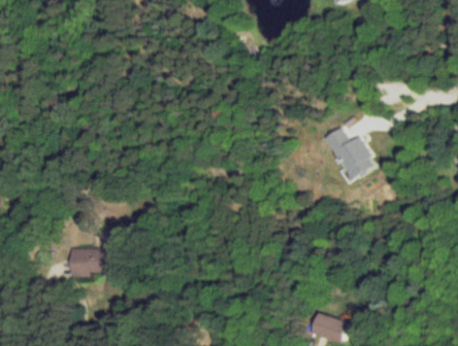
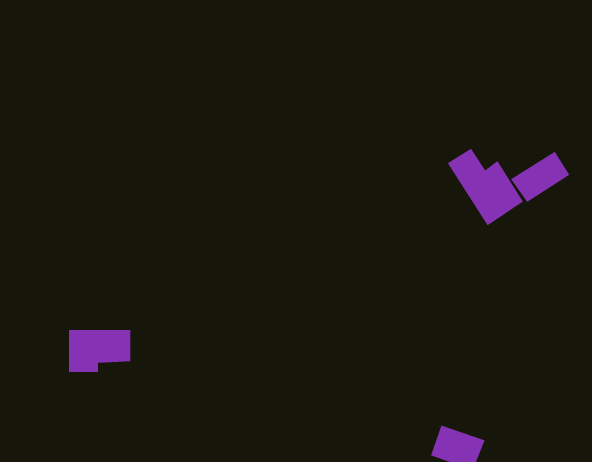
building: none -> [510,151,570,203]

